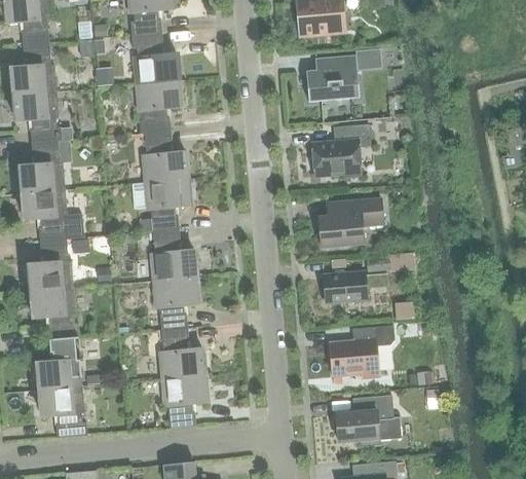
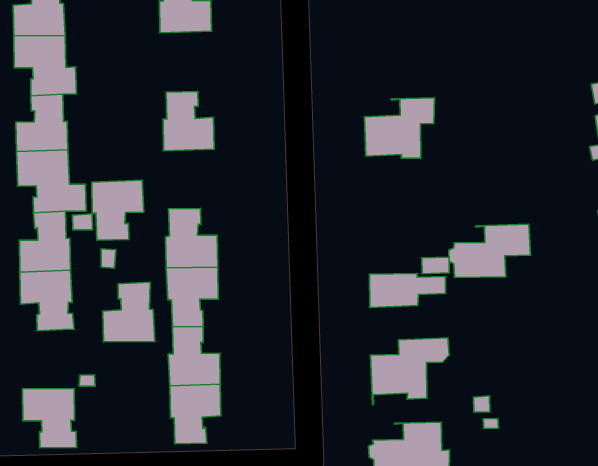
building: [305,53,368,101] -> none
building: [136,79,181,133] -> none
building: [145,178,190,230] -> [92,180,144,240]
building: [314,197,383,246] -> [449,224,531,277]
building: [37,336,82,389] -> [103,282,155,342]

